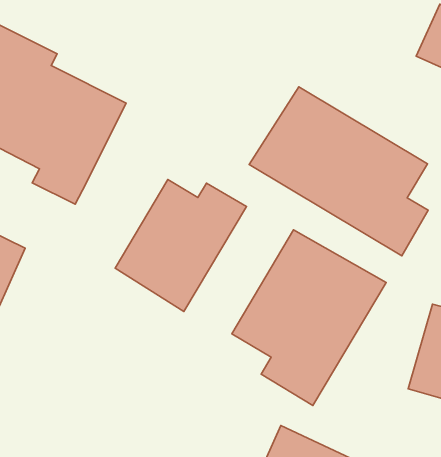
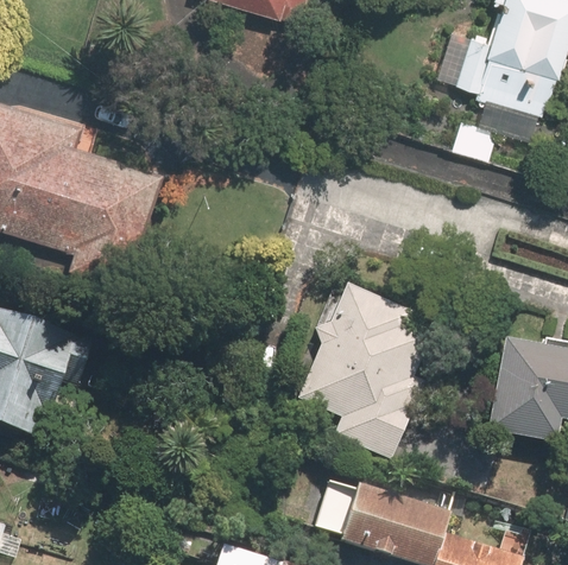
building: [249,87,428,256] -> none
building: [115,180,246,312] -> none

